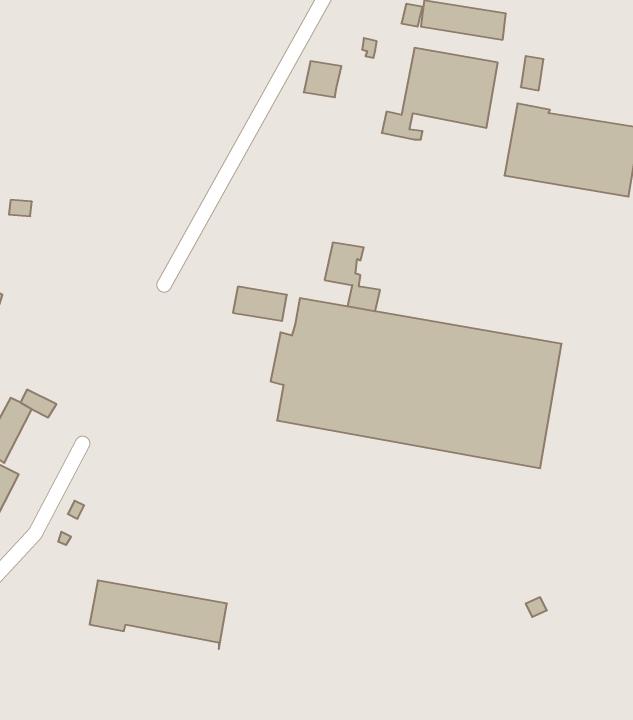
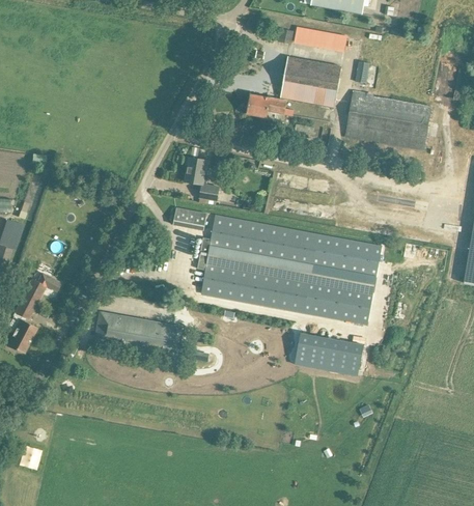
building: [304,61,341,97] -> [247,93,271,116]
building: [325,243,380,311] -> [185,157,220,200]
building: none -> [296,332,363,375]
building: [90,580,227,649] -> [95,312,183,356]

